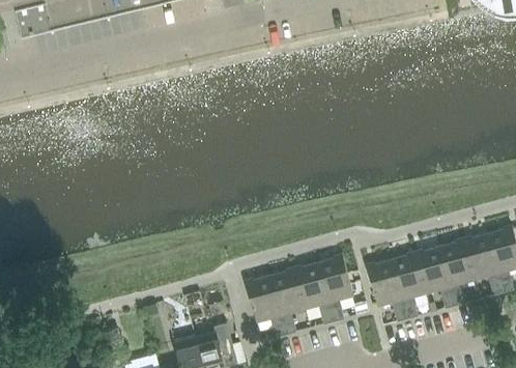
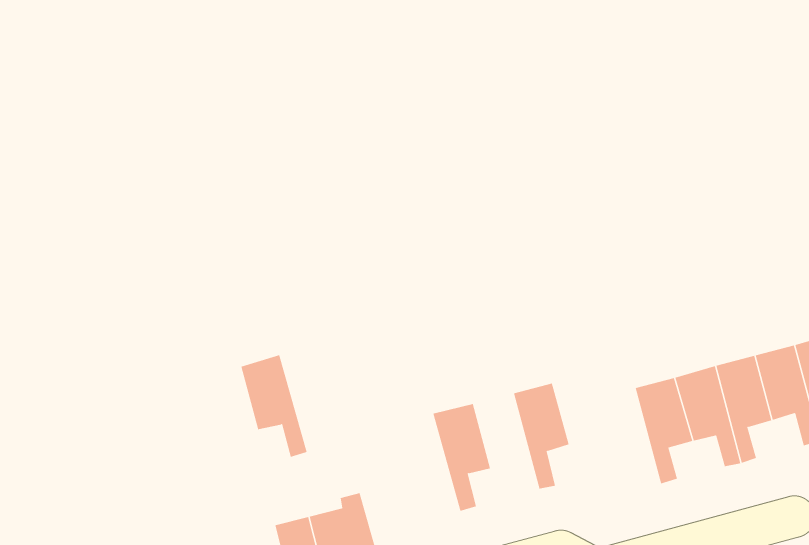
building: [367,262,407,323] -> none
building: [294,265,334,327] -> none
building: [246,278,286,340] -> [240,354,307,457]

